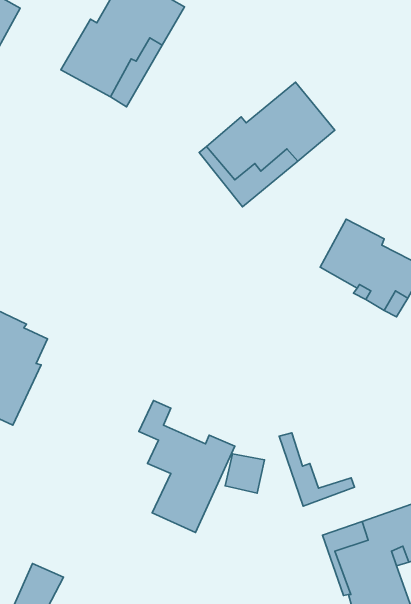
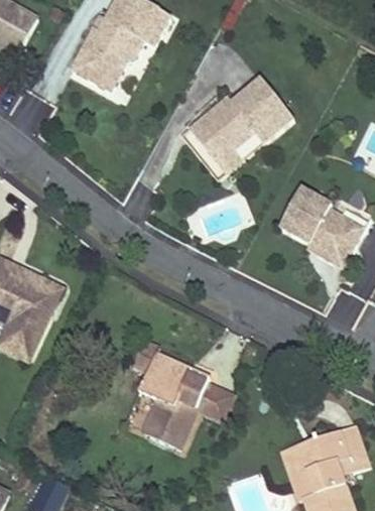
building: [279,433,354,506] -> none

